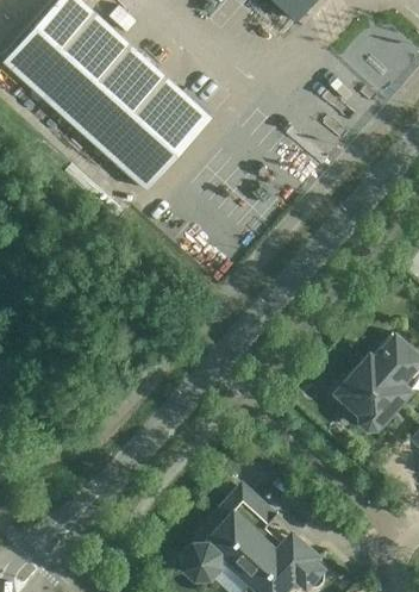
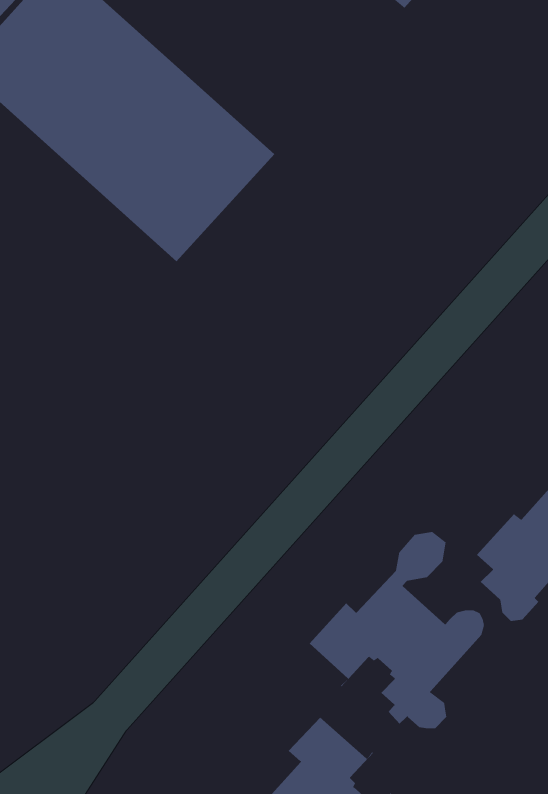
building: none -> [309,531,484,729]

